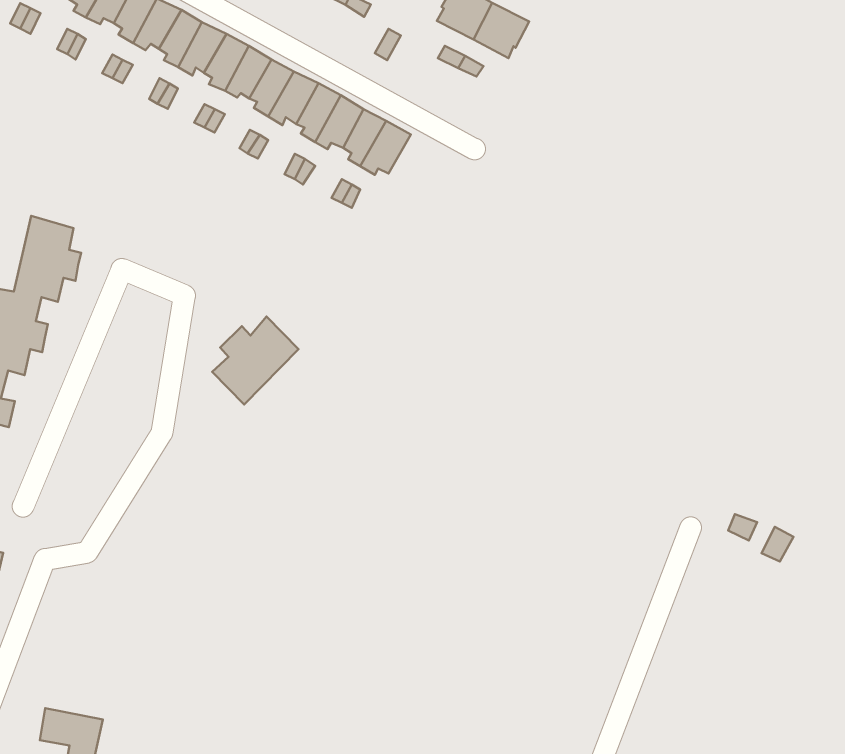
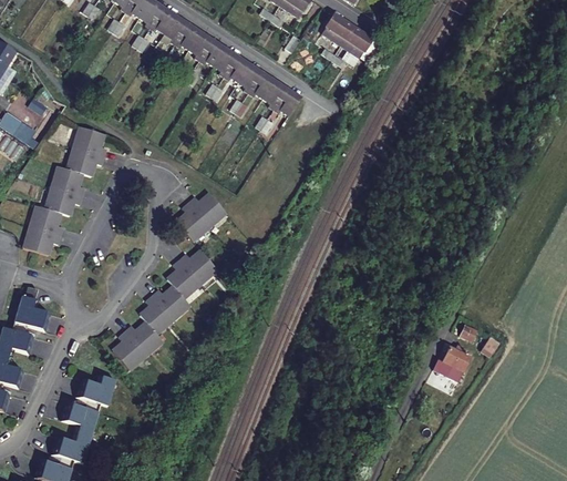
building: none -> [113,252,218,371]
building: none -> [444,346,475,383]
building: none -> [79,378,116,407]

